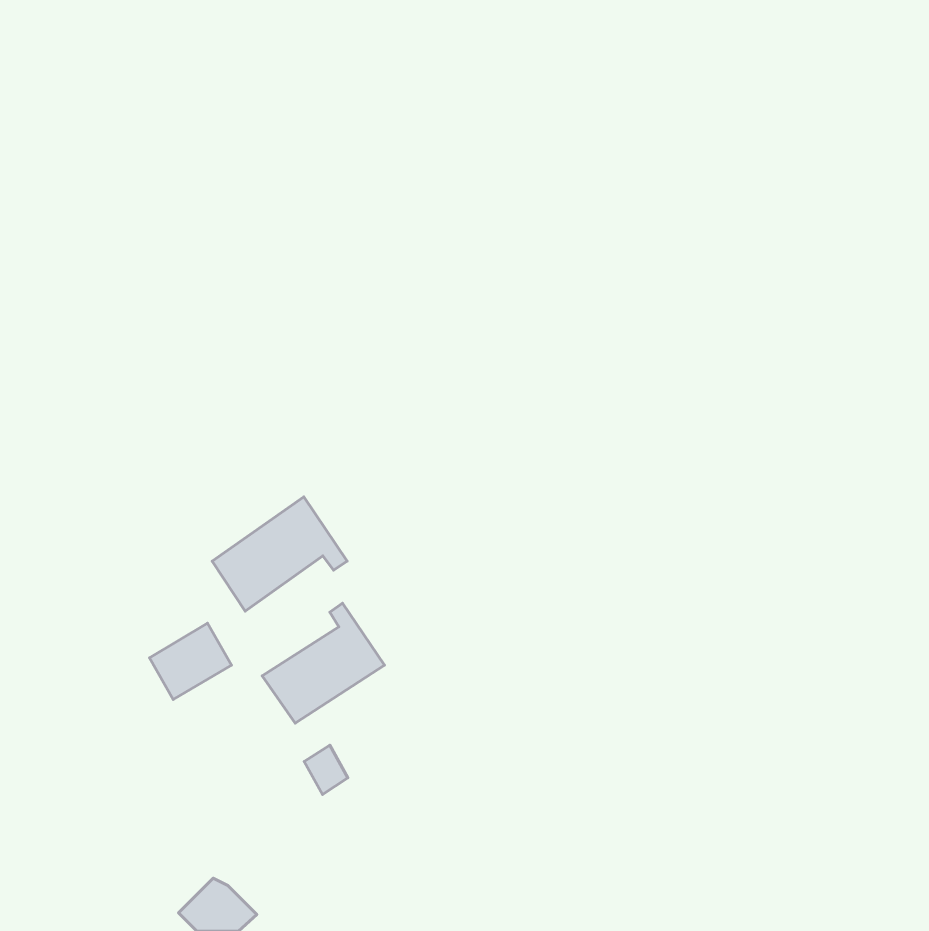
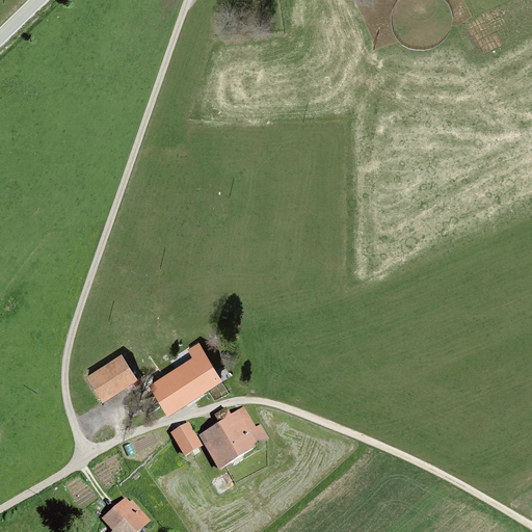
building: [212,497,347,611] -> none
building: none -> [201,408,267,469]

